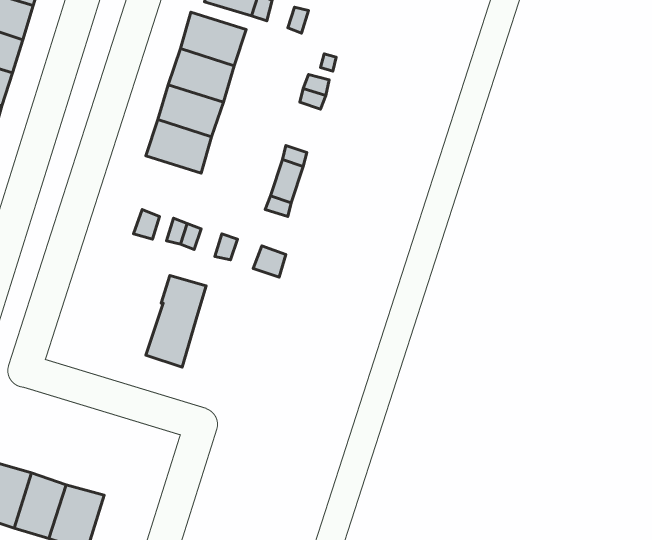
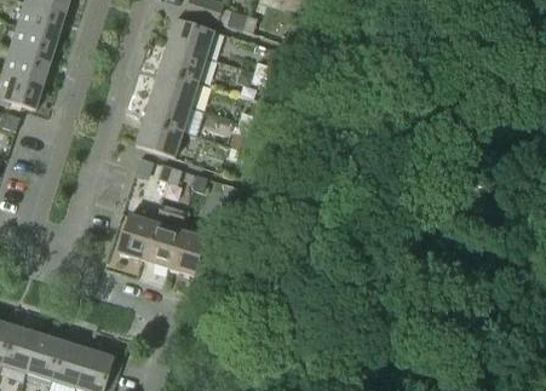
building: none -> [134,120,182,157]
building: none -> [117,214,155,259]
building: none -> [168,230,205,275]

